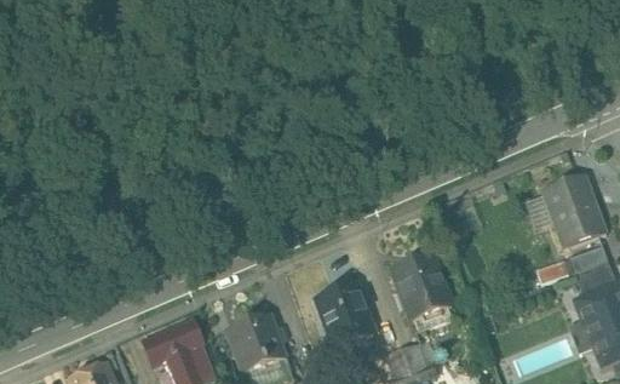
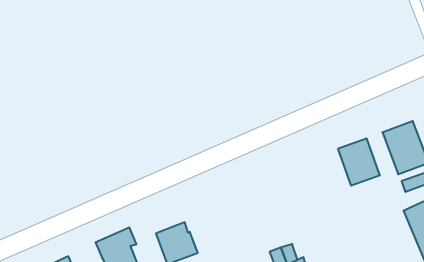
building: [394,254,452,320] -> [338,138,380,186]
building: [316,282,375,348] -> none

